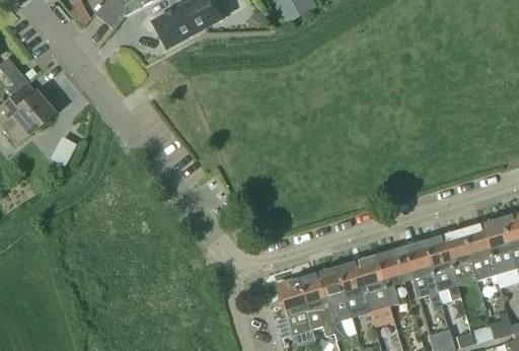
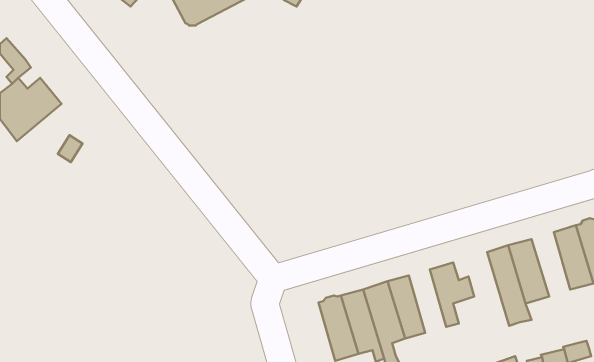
building: [462,224,496,280] -> none
building: [394,241,444,312] -> none
building: [356,257,392,327] -> none

